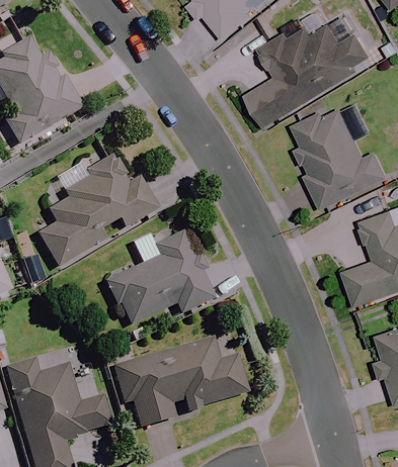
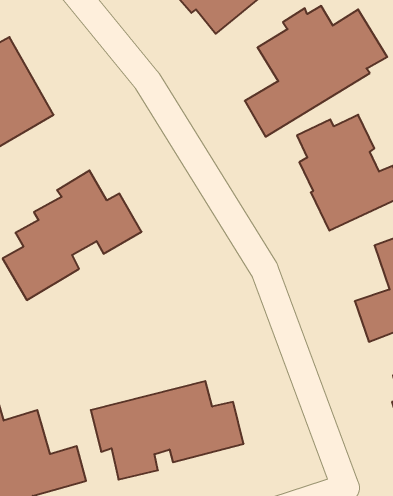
building: [108,234,214,324] -> none

